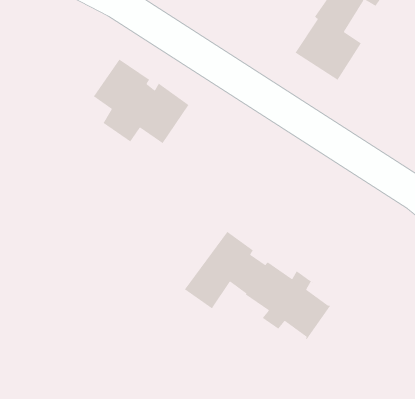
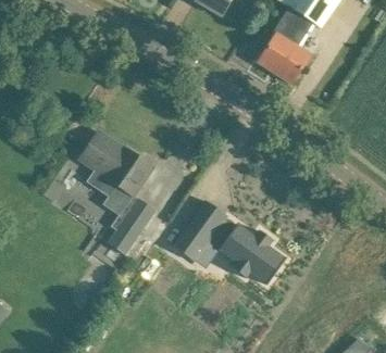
building: [93,59,189,144] -> [78,131,153,198]
building: none -> [110,199,153,252]

